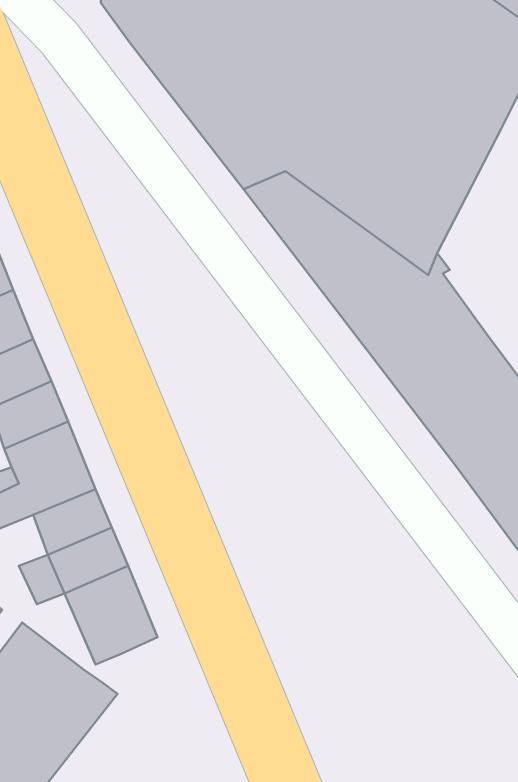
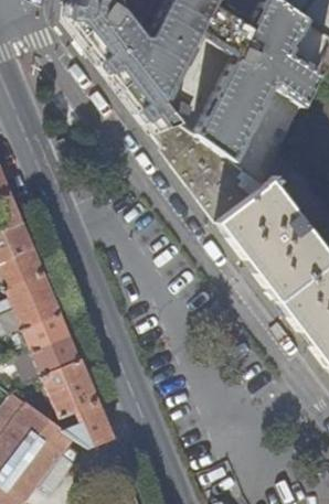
building: none -> [65,401,114,448]

